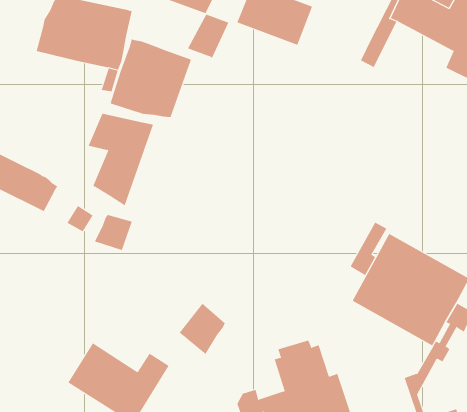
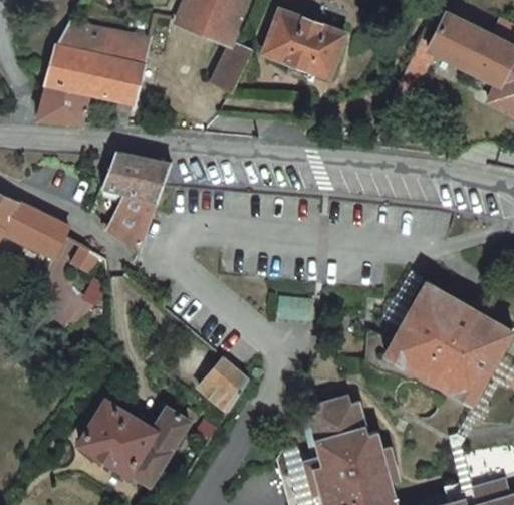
building: [110,39,191,118] -> none
building: none -> [36,84,89,124]
building: [94,214,132,251] -> none

